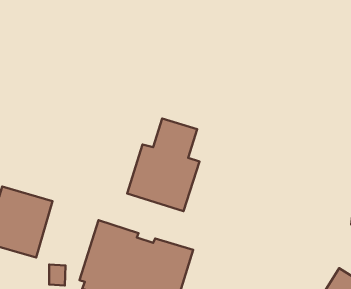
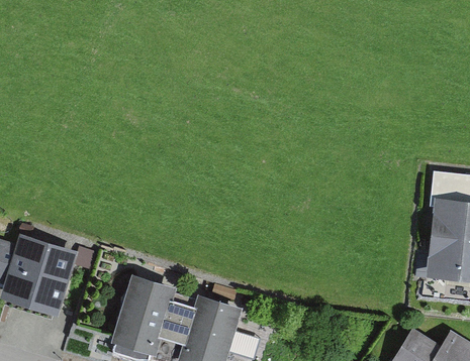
building: [127,118,199,211] -> none

